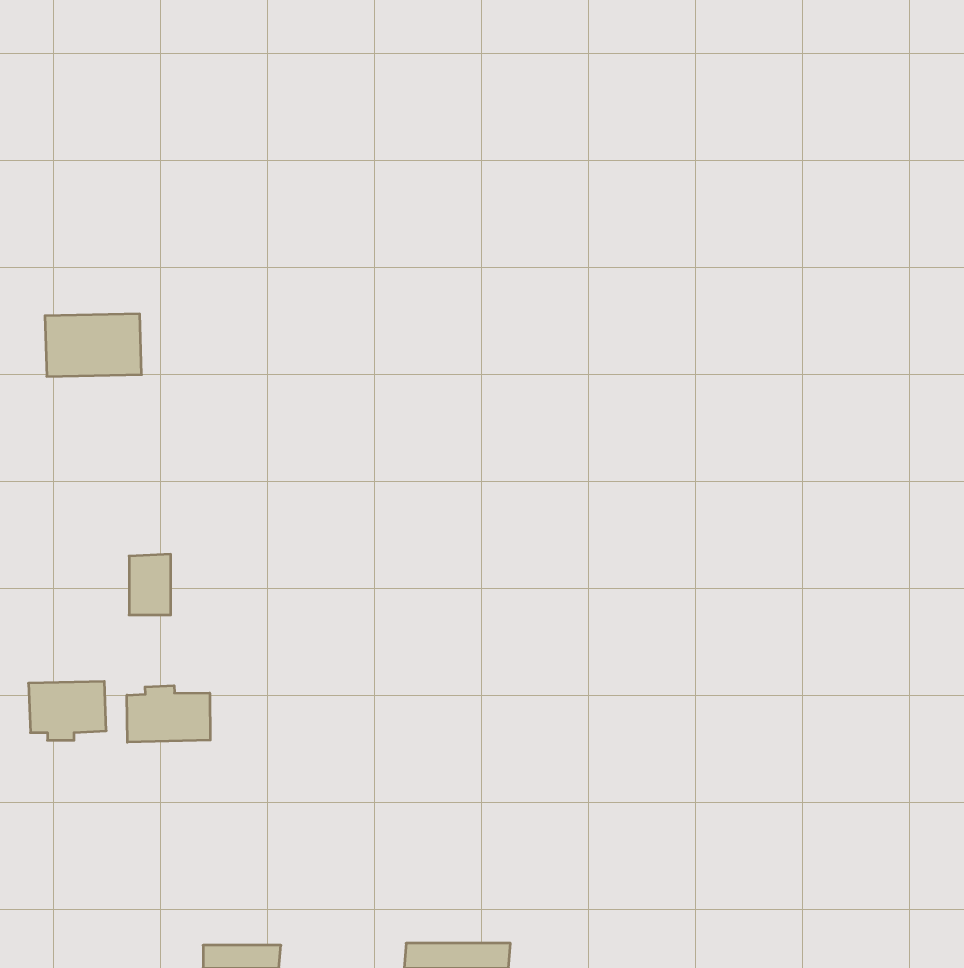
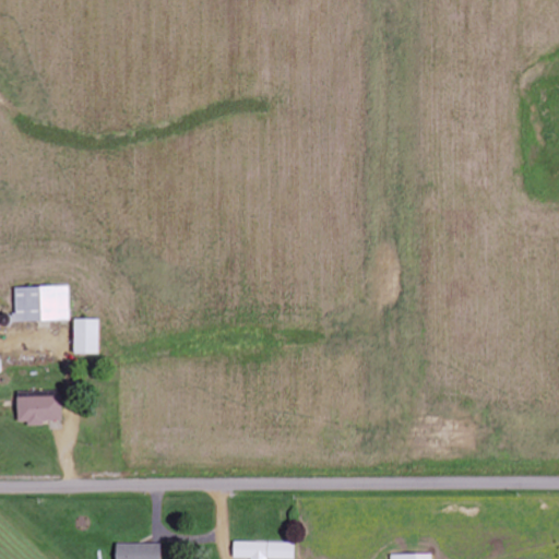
building: [45,314,142,376] -> [13,286,69,322]
building: [127,686,210,742] -> none

